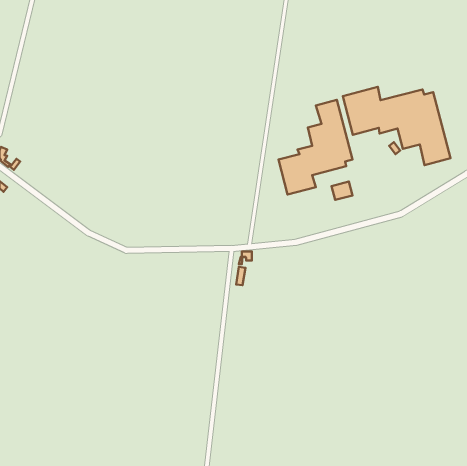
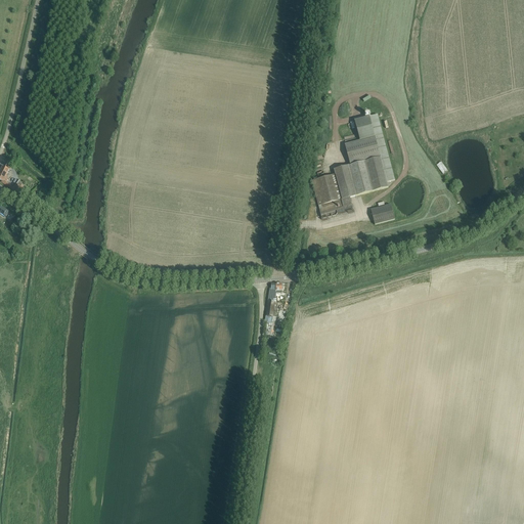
building: [343,87,451,165] -> none

